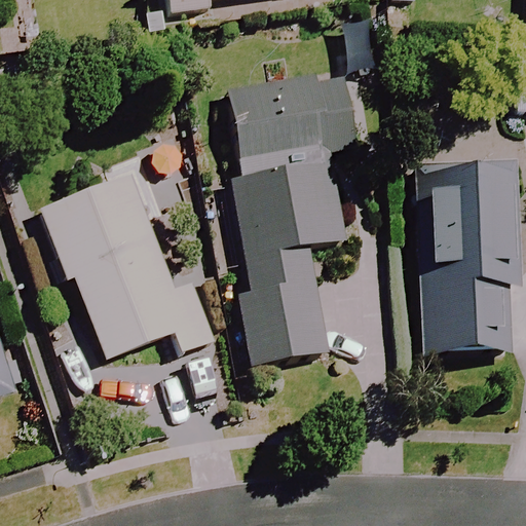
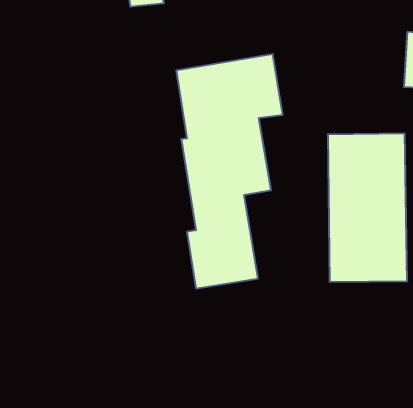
building: [37,176,215,356] -> none

